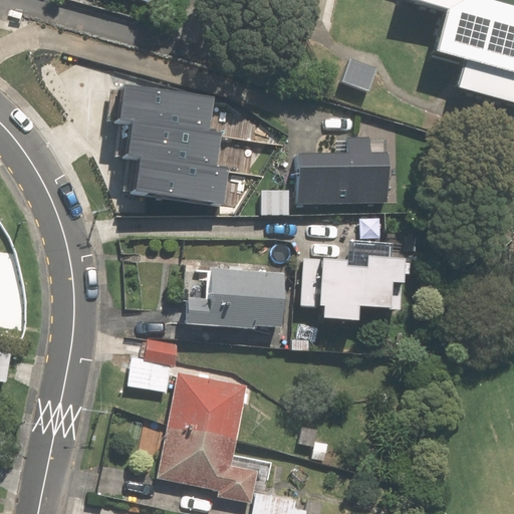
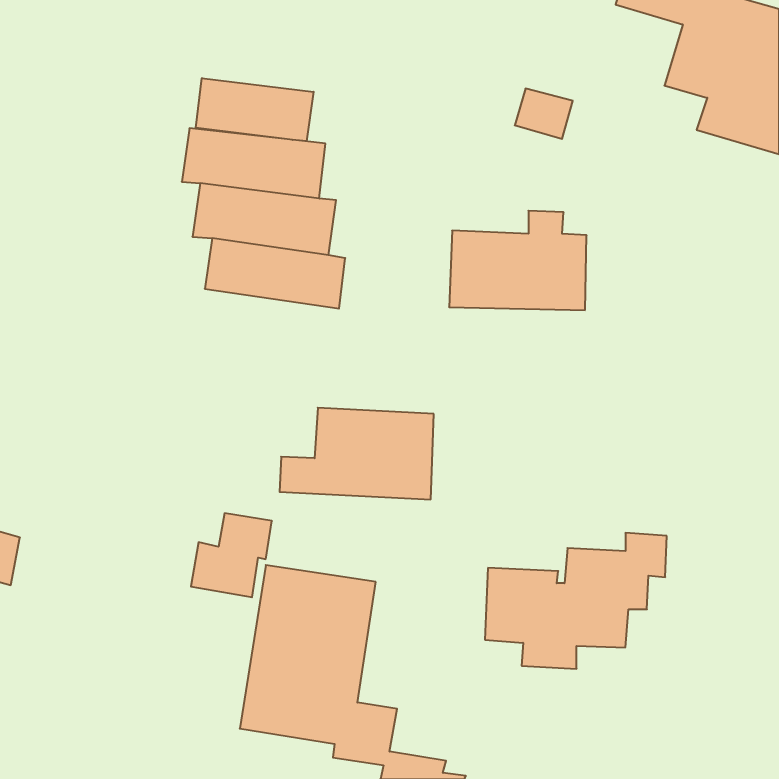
building: none -> [196,78,314,141]
building: [299,233,419,322] -> [485,533,667,669]

